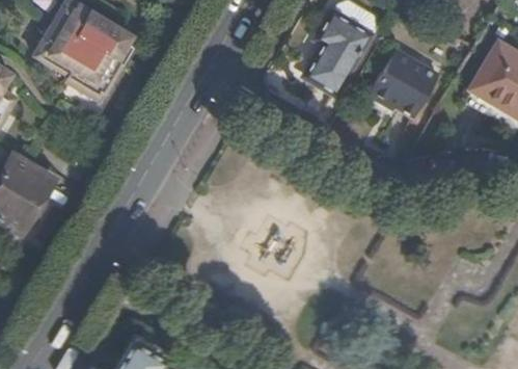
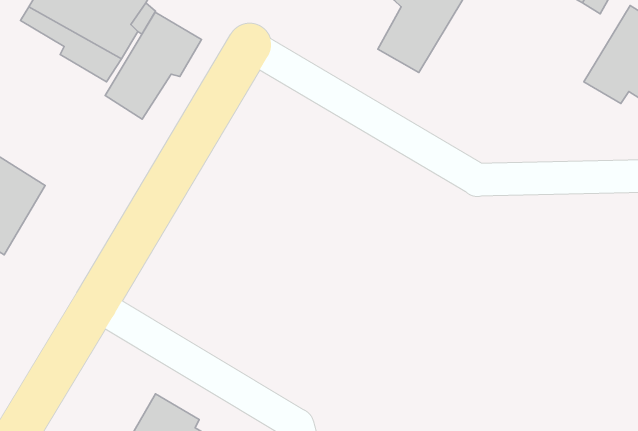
building: none -> [105,12,201,119]
building: [372,50,440,116] -> none

